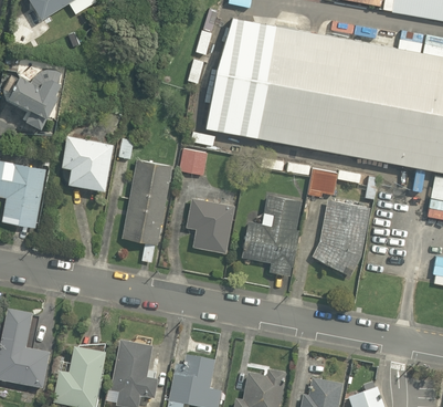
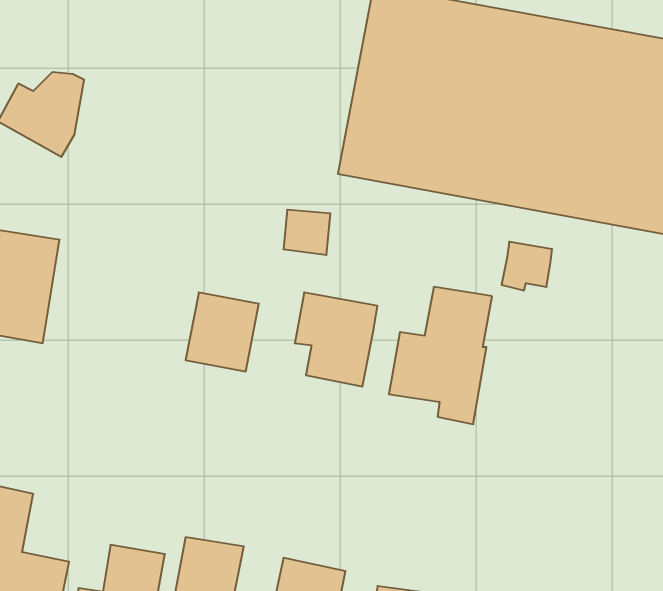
building: [61,136,113,190] -> none
building: [129,159,172,205] -> none
building: [312,199,370,276] -> none

